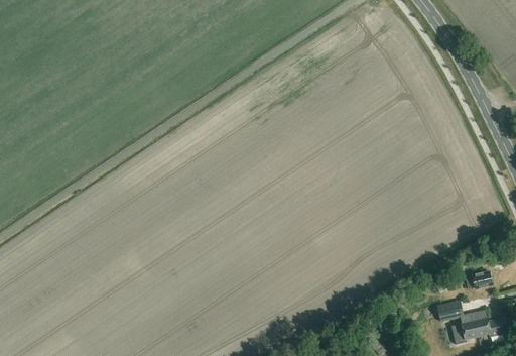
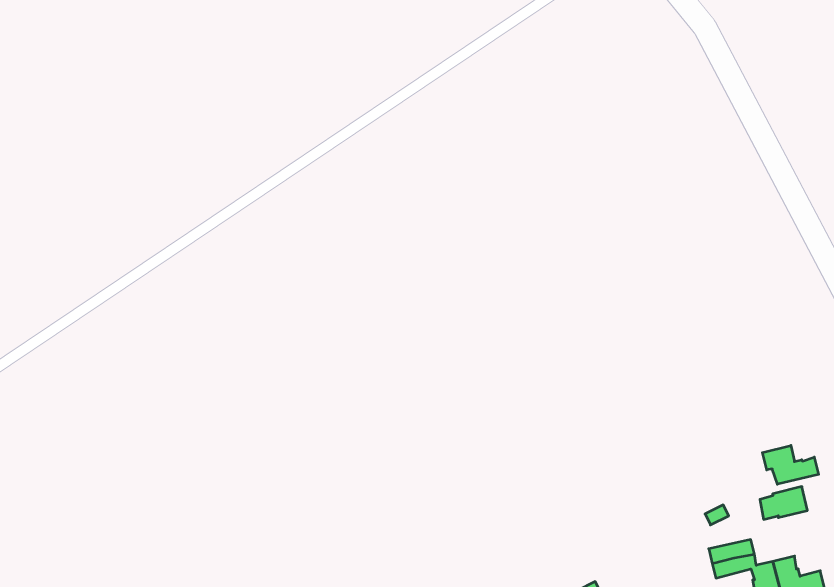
building: none -> [762,445,819,484]

